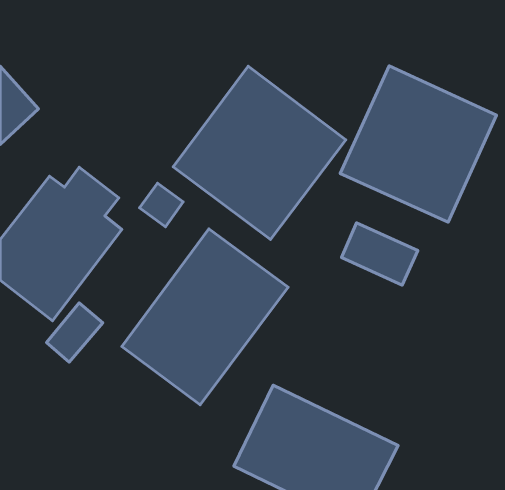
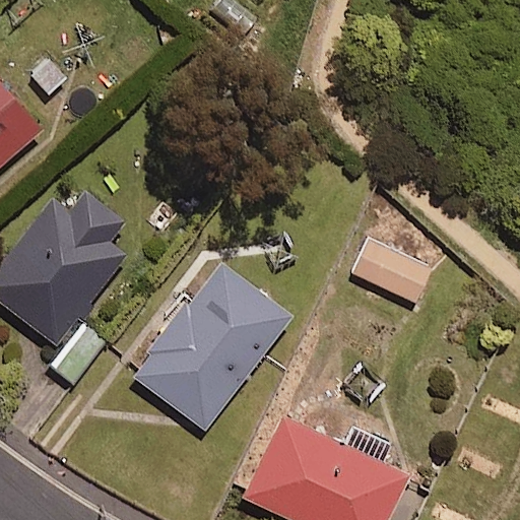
building: [340,66,496,222] -> none
building: [173,66,346,240] -> none

